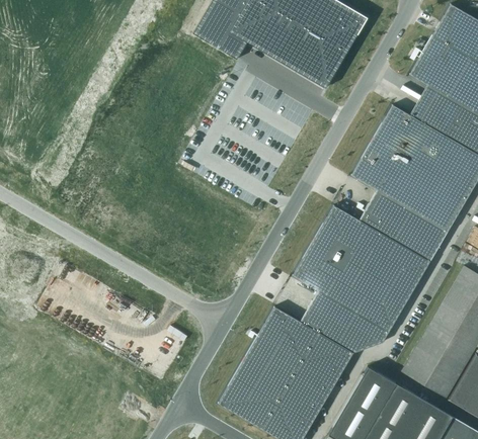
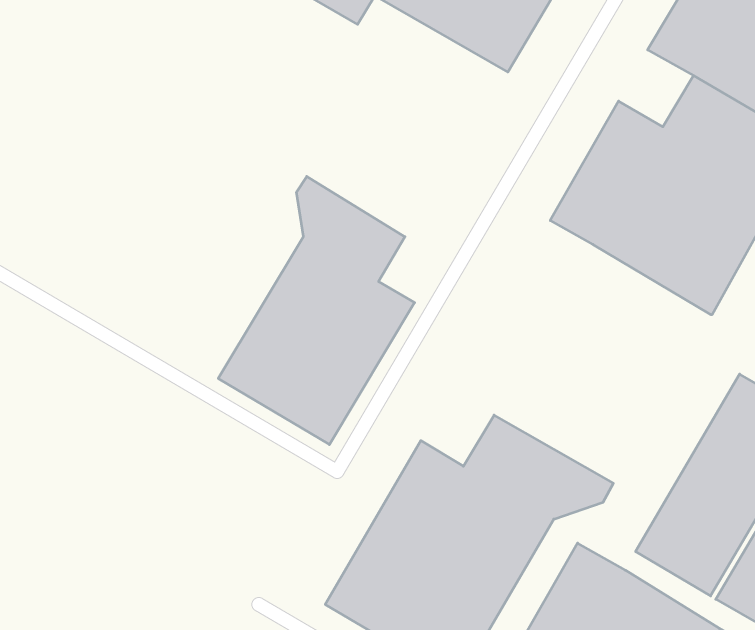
building: none -> [218,176,415,445]
building: [293,189,447,331] -> none

